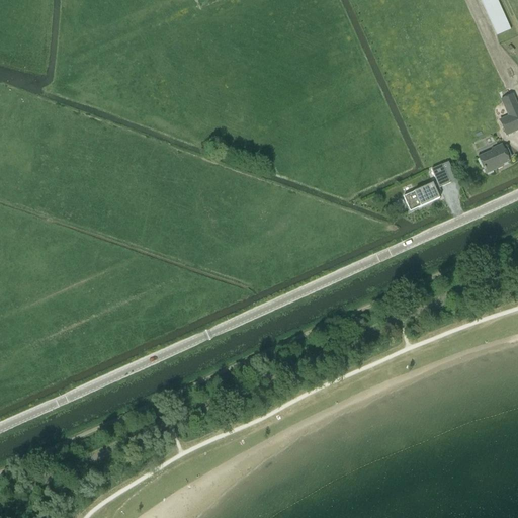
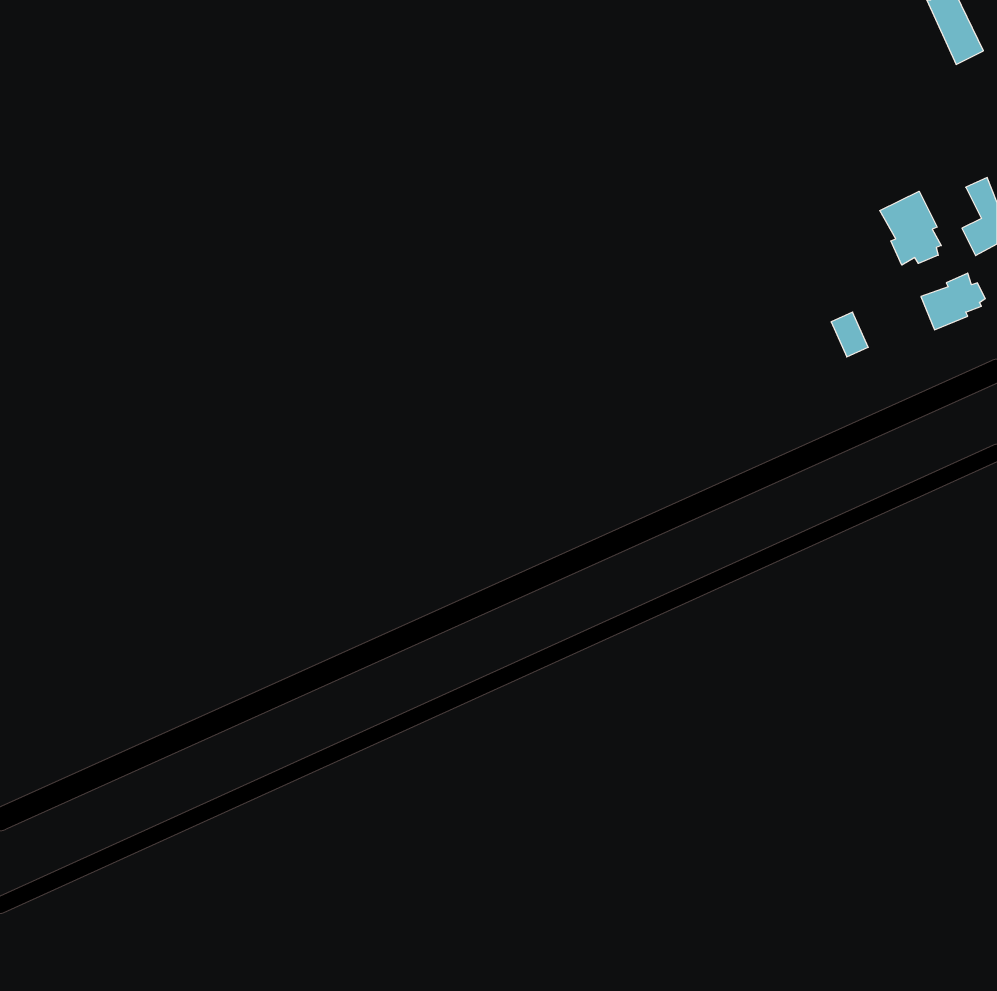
building: none -> [880,191,941,265]
building: [403,181,439,209] -> none

